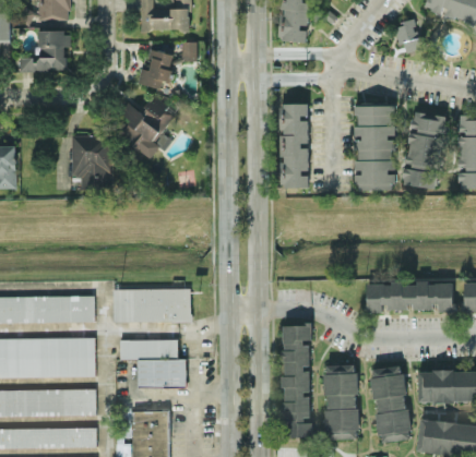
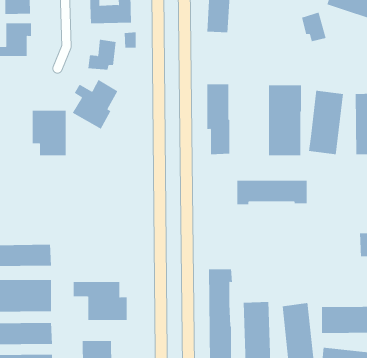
building: [368,284,453,313] -> [237,180,307,205]
building: [114,289,191,323] -> none

